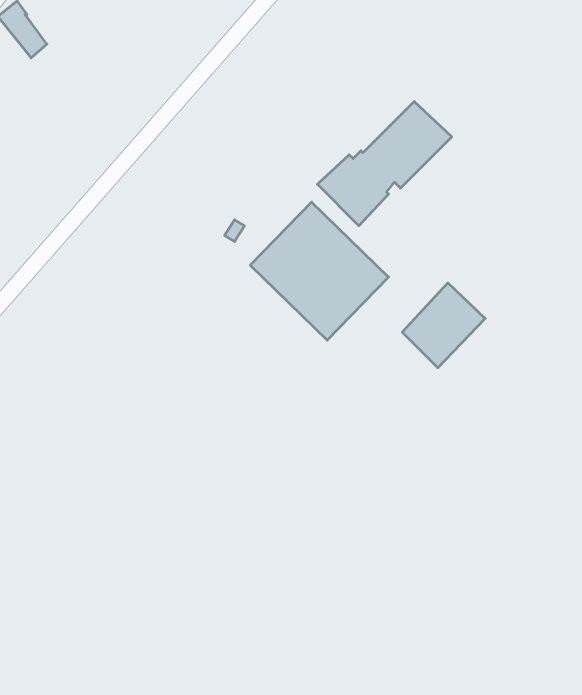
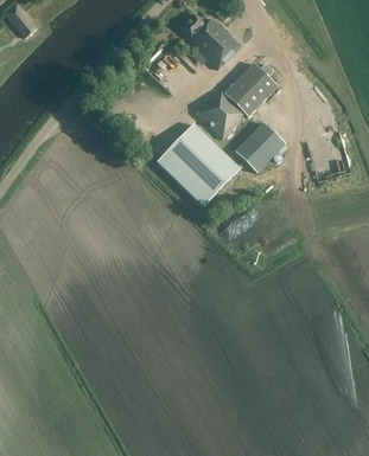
building: none -> [179,13,240,69]
building: [402,283,485,368] -> [235,121,285,172]

